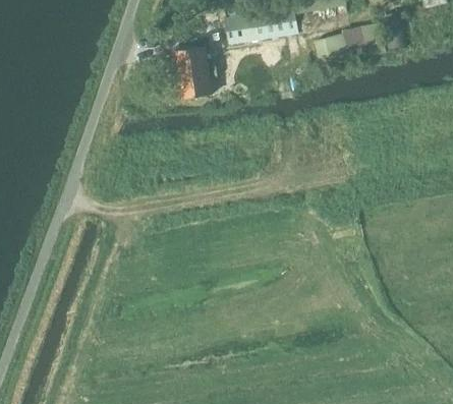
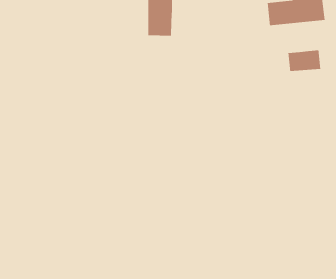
building: none -> [288,49,321,72]

